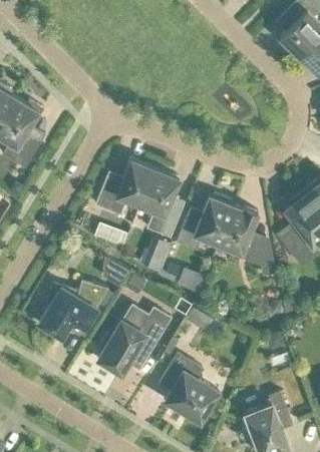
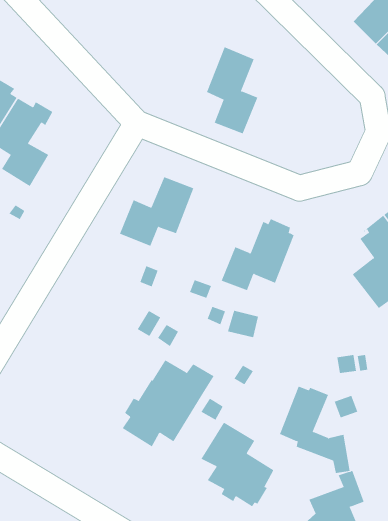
building: [140,168,182,238] -> [206,47,258,134]
building: [219,205,275,275] -> [279,386,350,474]
building: [39,280,108,336] -> none

